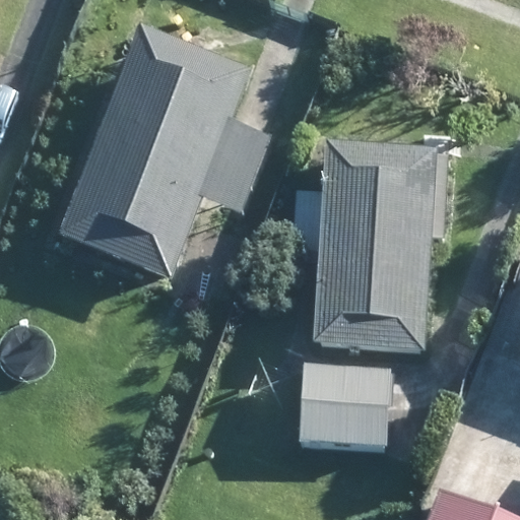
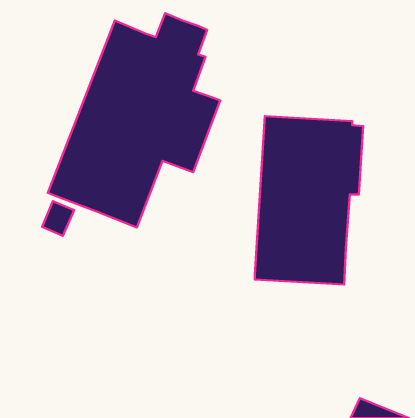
building: [298,366,389,447] -> none

